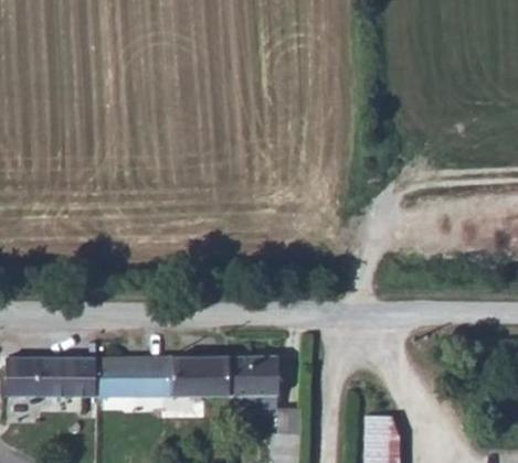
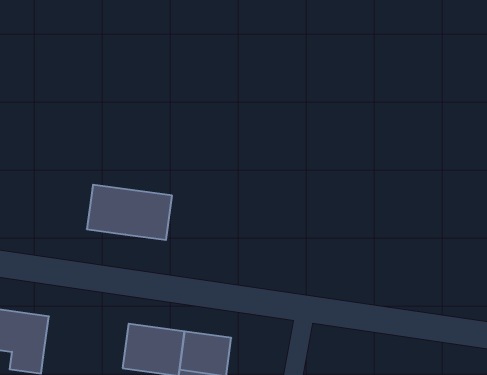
building: [96,357,171,399] -> [87,185,172,240]

